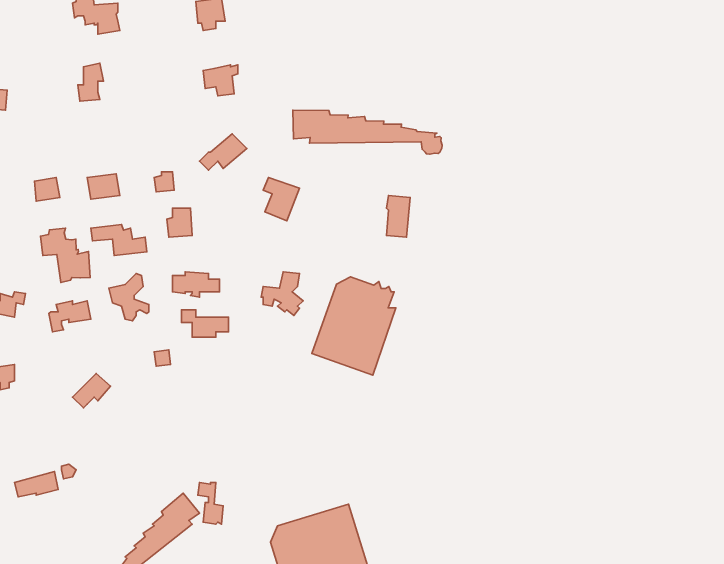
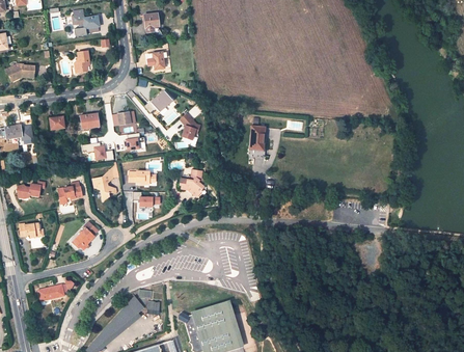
building: [293,110,442,154] -> none
building: [41,228,90,282] -> none
building: [312,277,396,375] -> none

